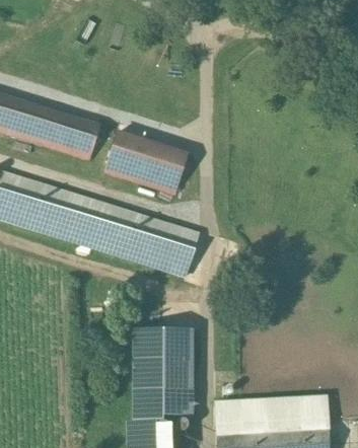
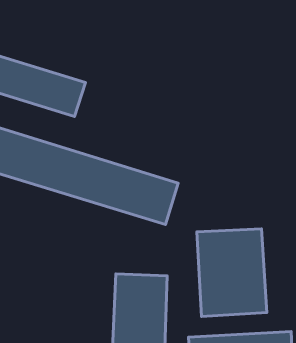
building: [106,126,195,195] -> none
building: none -> [197,229,267,317]

